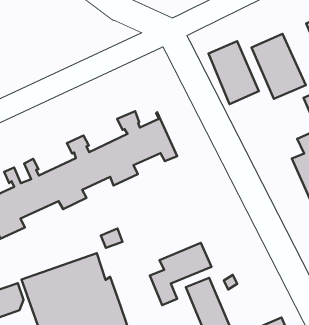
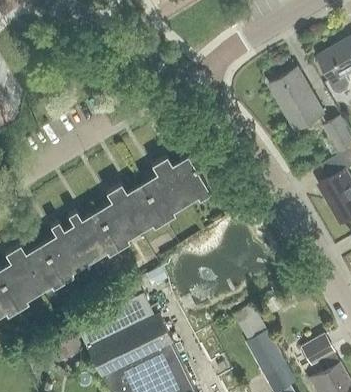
building: [209,41,259,104] -> none
building: [150,243,211,305] -> none

